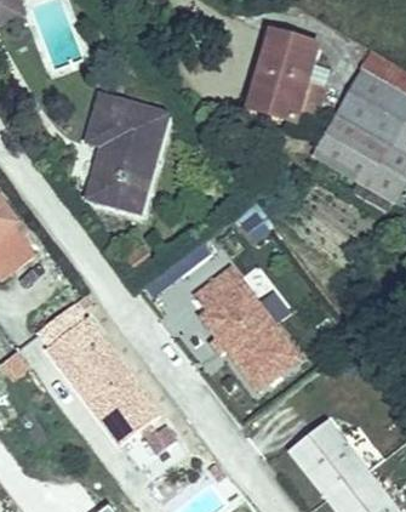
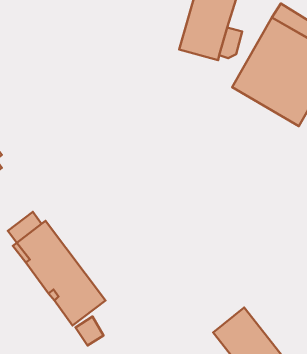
building: [88,96,165,211] -> none
building: [195,267,298,388] -> none

